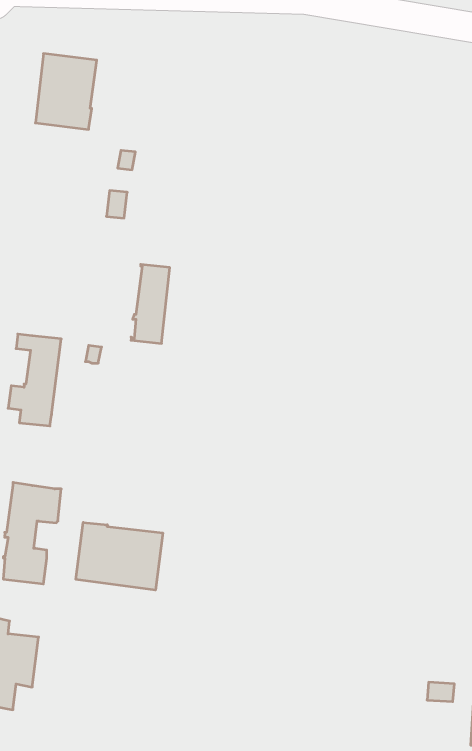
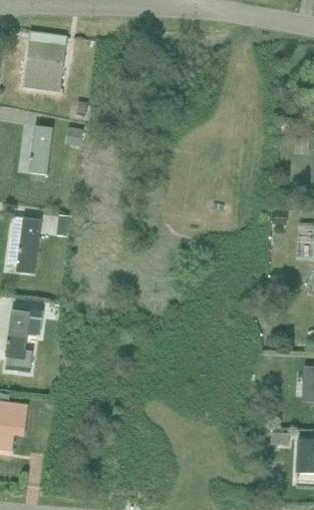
building: [131,264,170,343] -> [28,124,52,173]
building: [76,522,163,590] -> none

